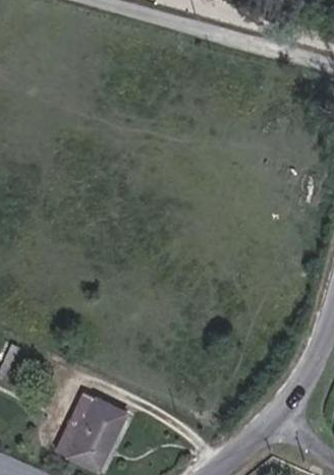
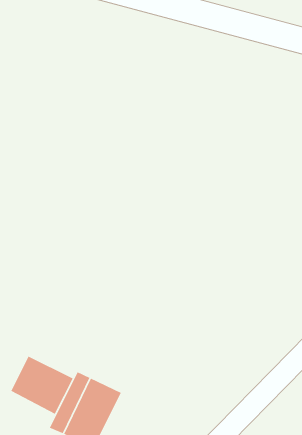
building: none -> [10,356,74,415]

